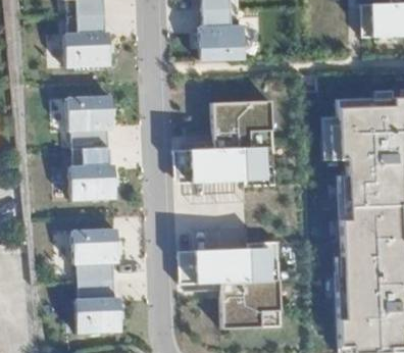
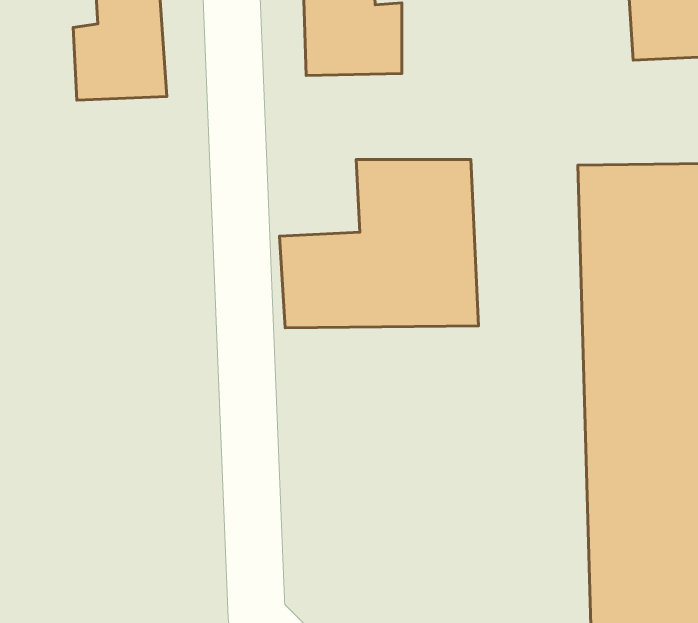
building: [64,90,118,199] -> none
building: [65,222,124,330] -> none
building: [176,253,279,326] -> none

